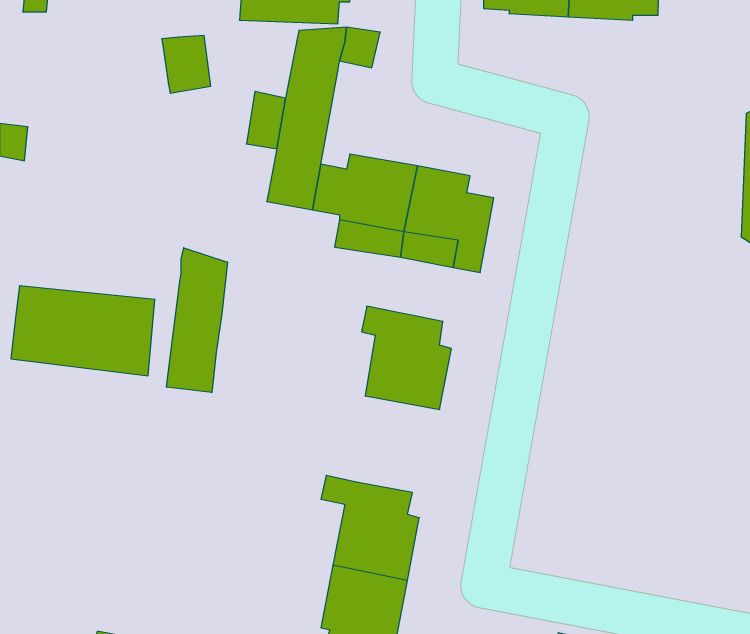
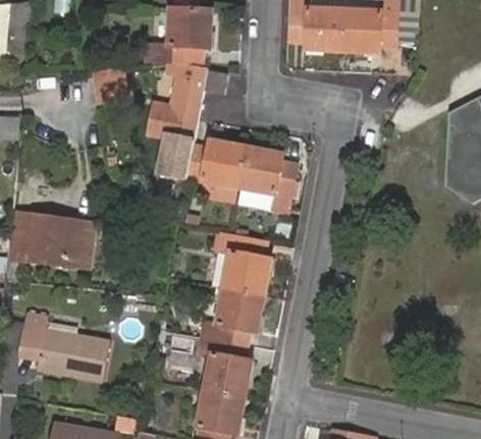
building: [166,248,227,393] -> none
building: none -> [197,282,265,340]
building: none -> [19,310,110,379]

